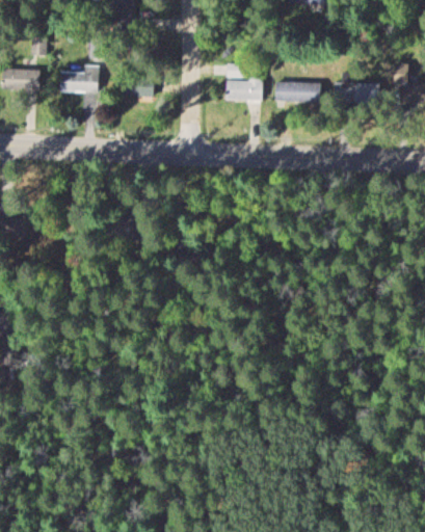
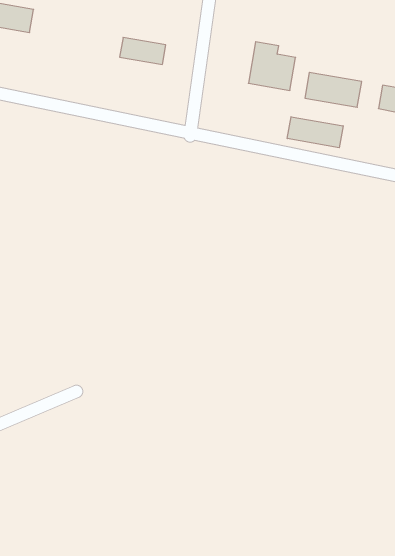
building: [60,68,99,92] -> none
building: none -> [287,117,343,148]

